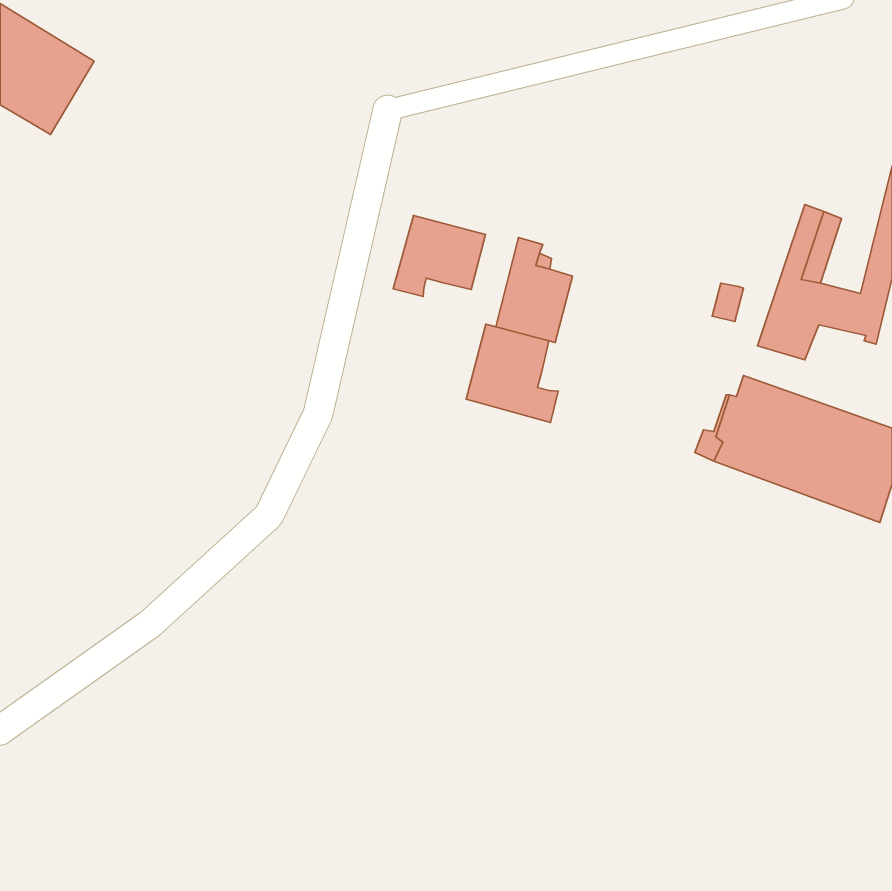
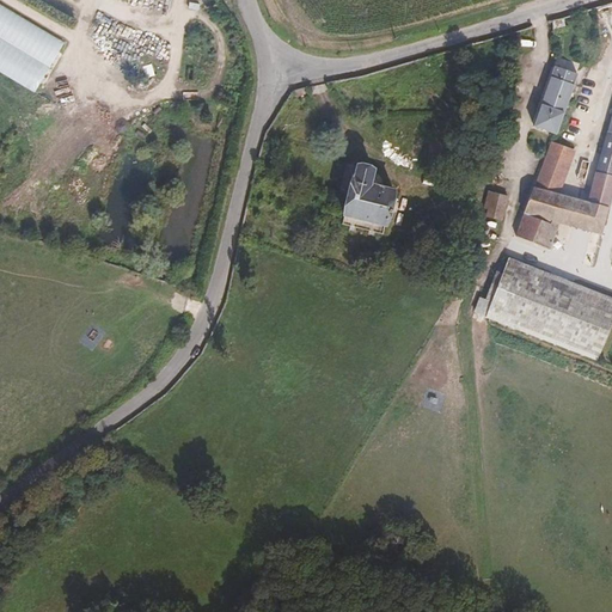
building: none -> [537,61,576,128]
building: [393,215,486,296] -> none
building: [466,324,558,422] -> none

